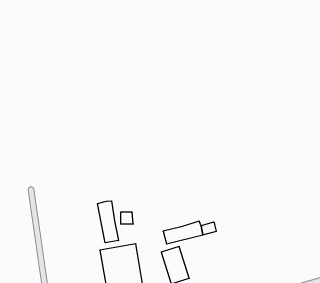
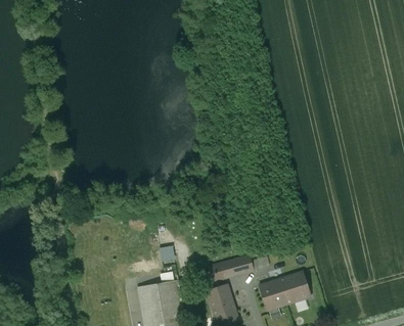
building: [97,201,118,243] -> none
building: none -> [258,271,310,310]

